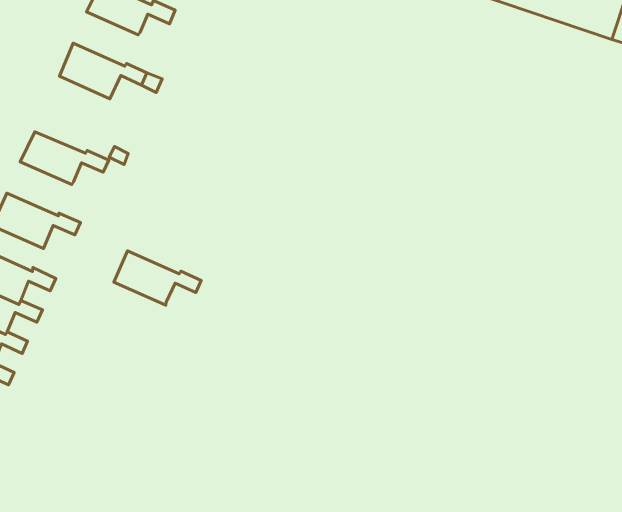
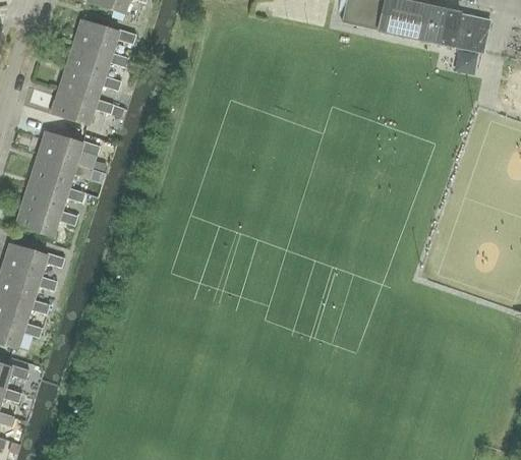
building: none -> [58,65,121,101]
building: none -> [38,130,100,166]
building: [114,251,201,305] -> [22,177,84,213]

